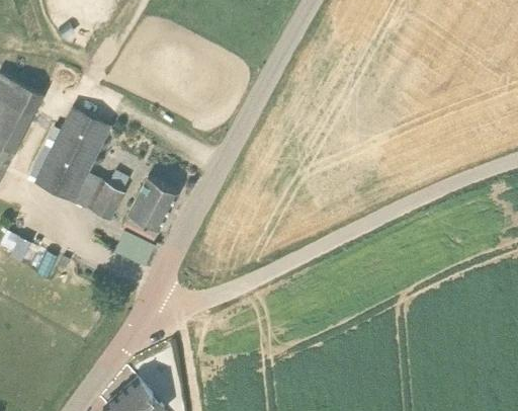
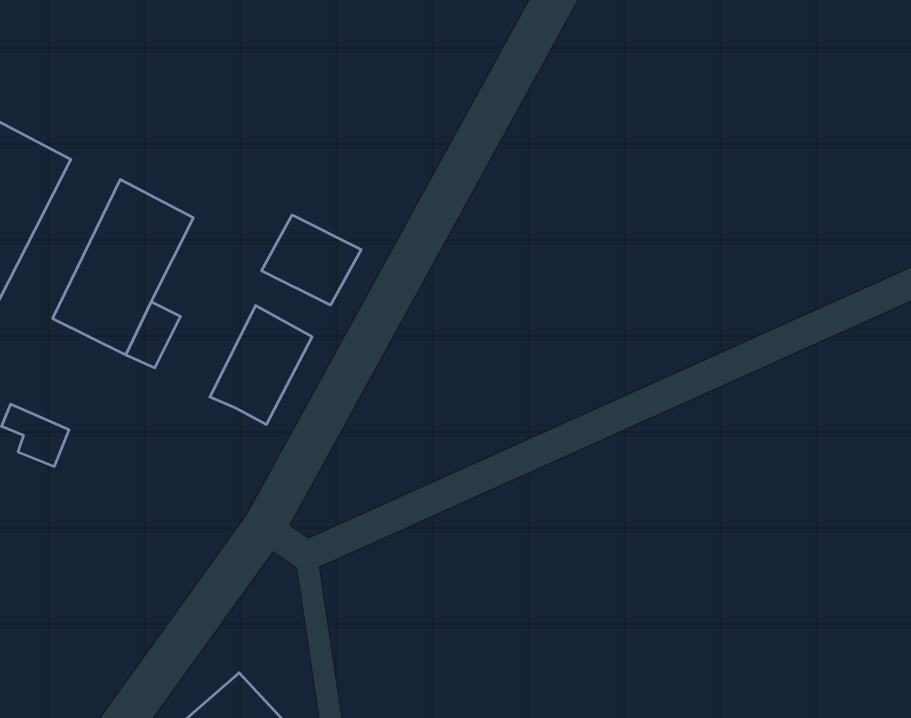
building: none -> [262,215,361,305]
building: [89,182,123,221] -> none

